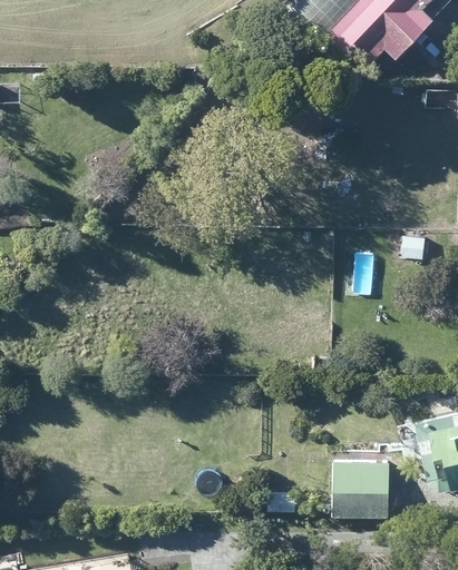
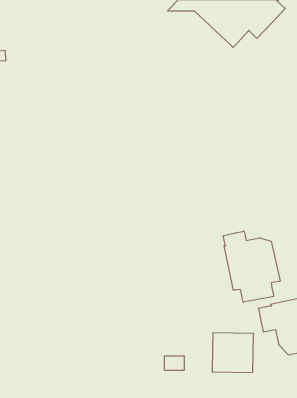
building: none -> [223,231,280,302]

